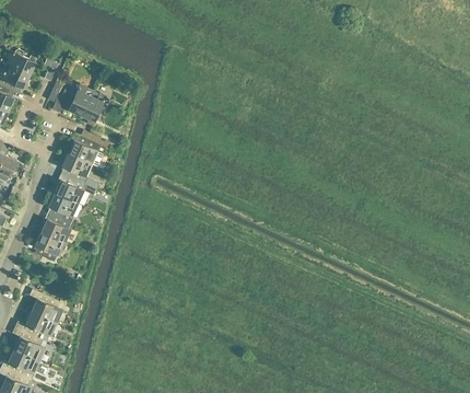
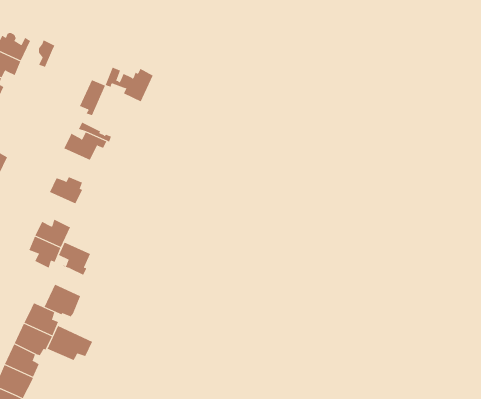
building: [48,83,92,115] -> [105,67,153,102]
building: [61,153,91,184] -> none
building: [48,193,78,223] -> [58,242,91,276]
building: none -> [44,284,81,317]
building: none -> [47,325,93,361]

